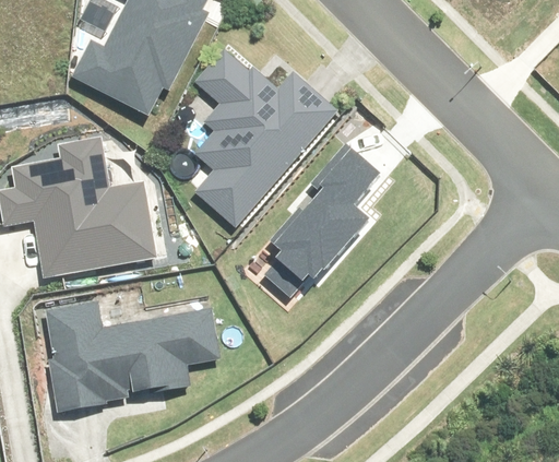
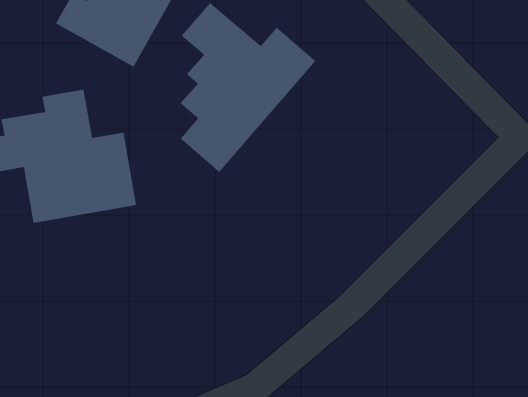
building: [271,149,379,283] -> none
building: [36,303,218,406] -> none

